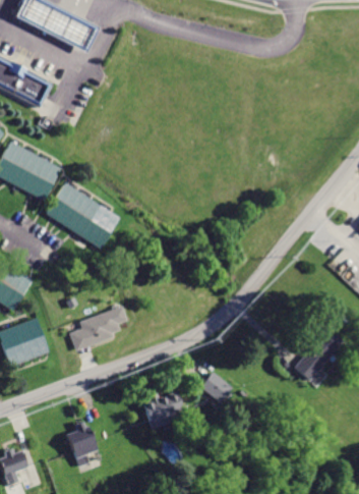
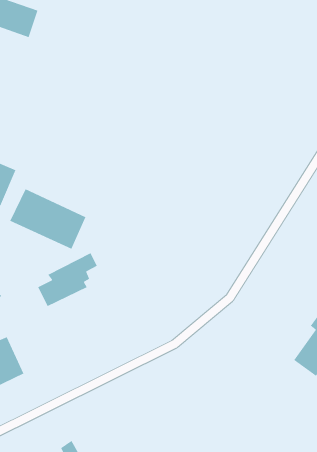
building: [70,306,127,351] -> [37,252,98,307]
building: [201,370,233,401] -> none
building: [143,390,185,430] -> none

